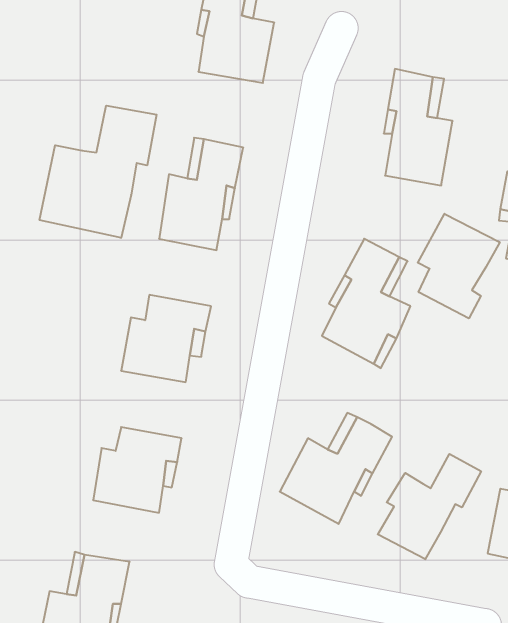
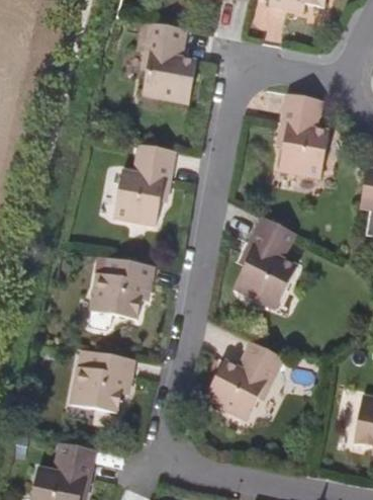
building: [40,106,157,238] -> none
building: [418,214,500,318] -> none
building: [378,454,481,559] -> none

